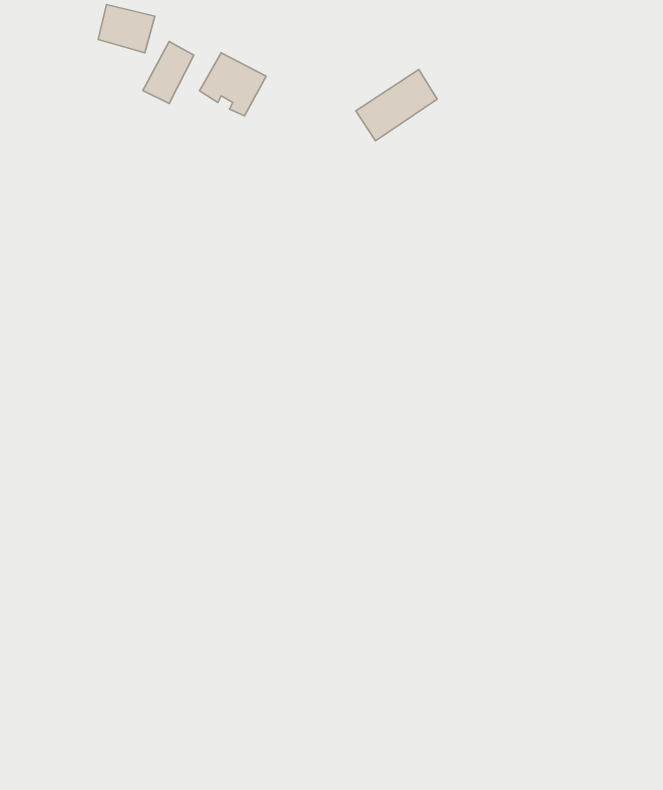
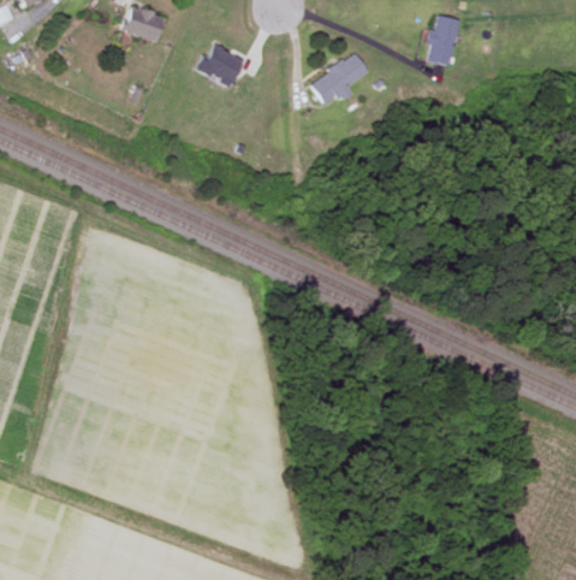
building: none -> [428,14,459,65]
building: [143,42,194,103] -> none

